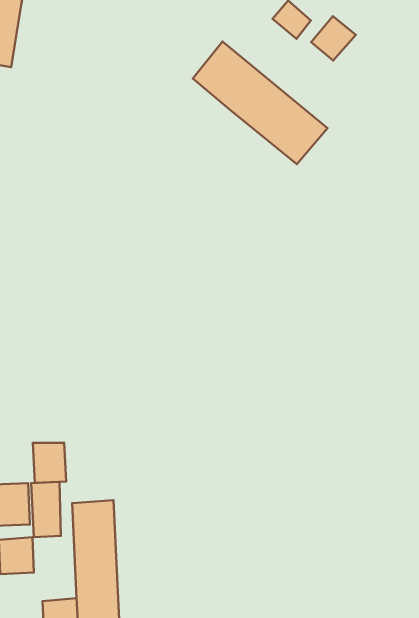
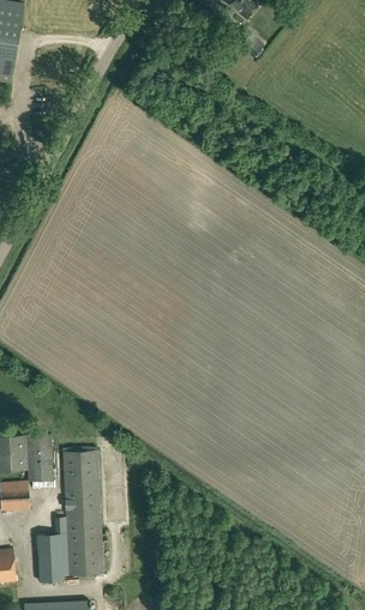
building: [311,16,356,60] -> none
building: [193,42,328,164] -> none
building: [33,443,66,483] -> none

